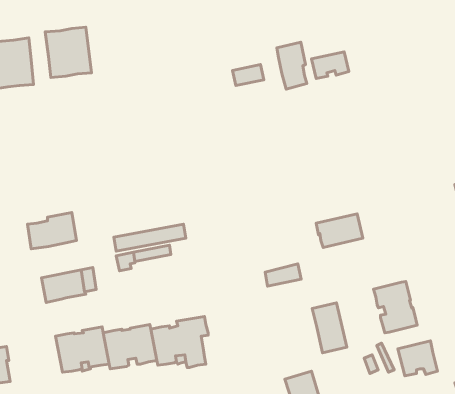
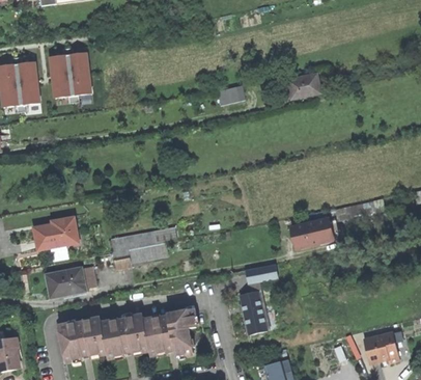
building: [277,42,307,89] -> none
building: [374,281,417,333] -> none
building: [312,303,347,353] -> [240,290,271,334]

